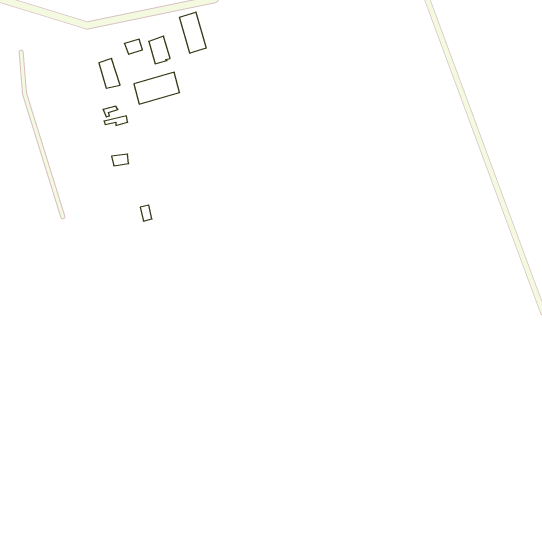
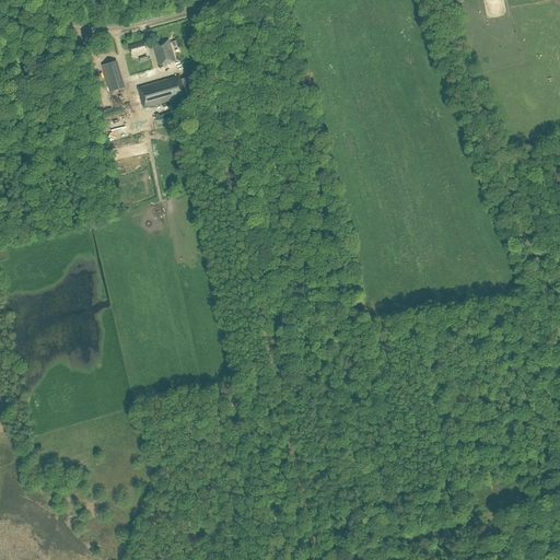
building: [180,12,206,53] -> none

